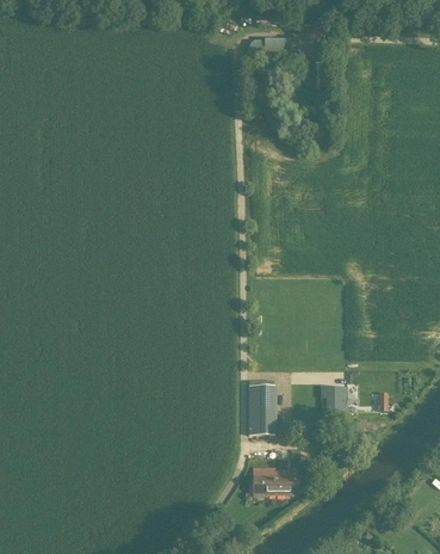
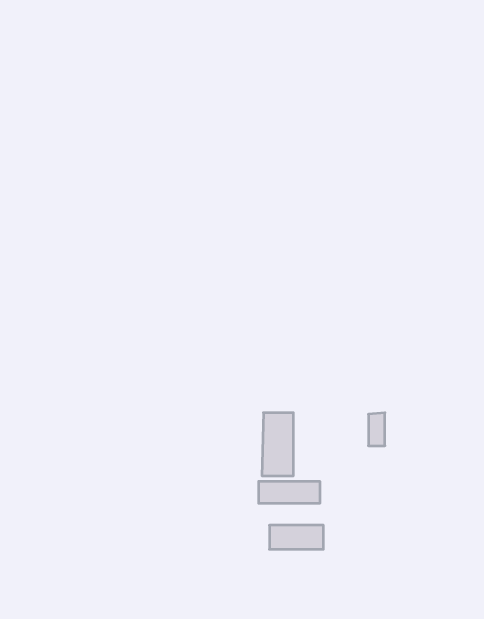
building: none -> [259,481,320,503]

